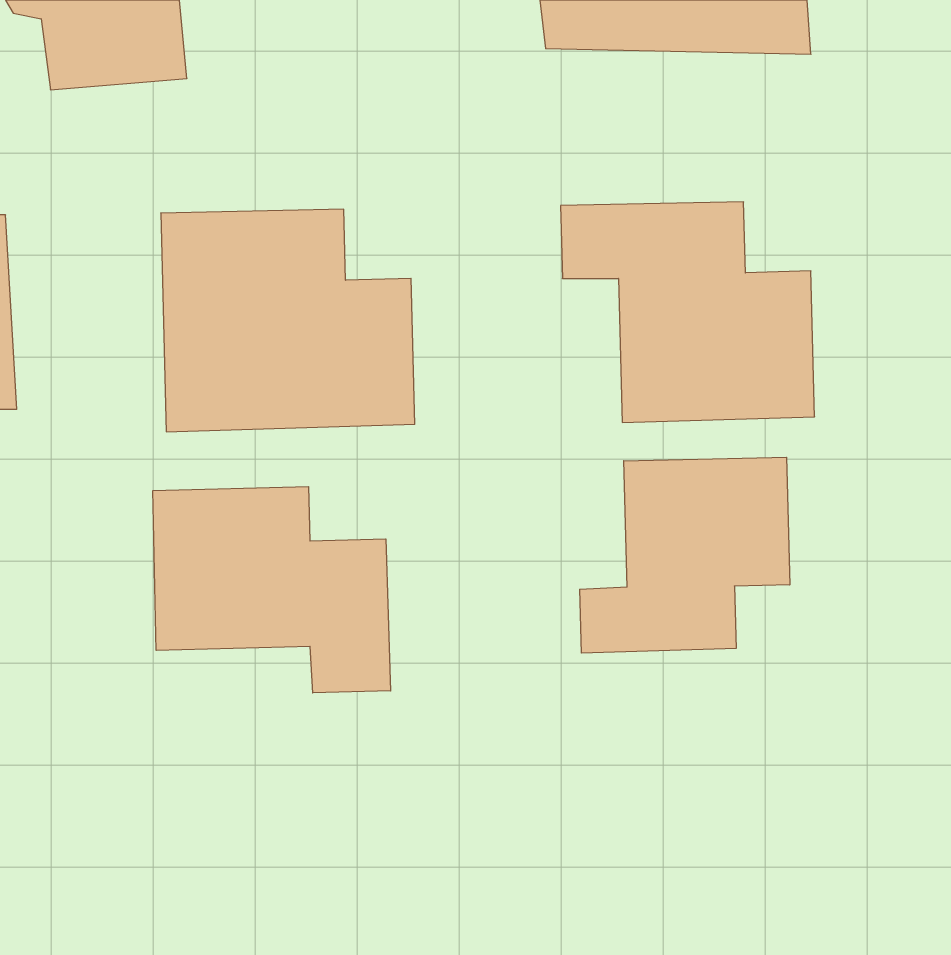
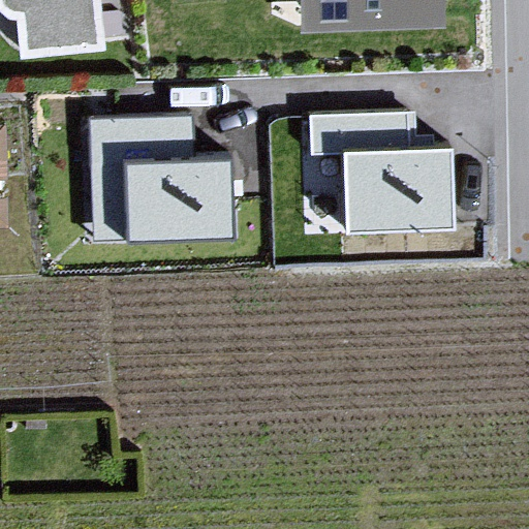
building: [580,457,790,653] -> none
building: [153,487,391,693] -> none

